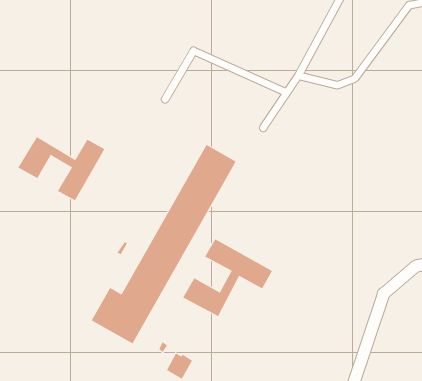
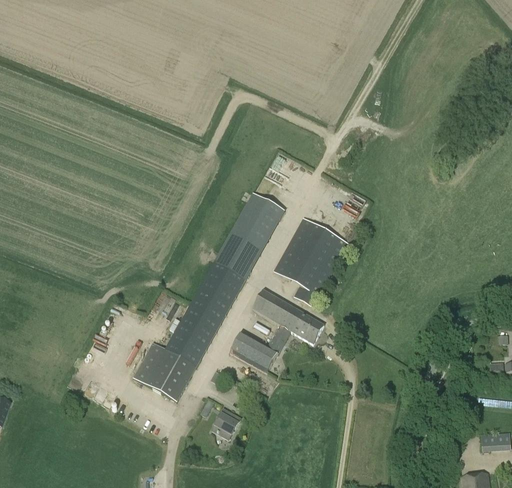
building: [17,136,105,201] -> none
building: none -> [273,216,349,307]

